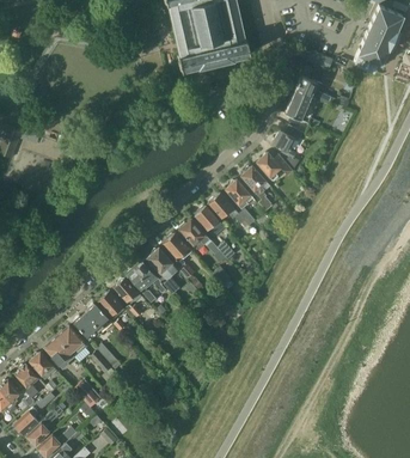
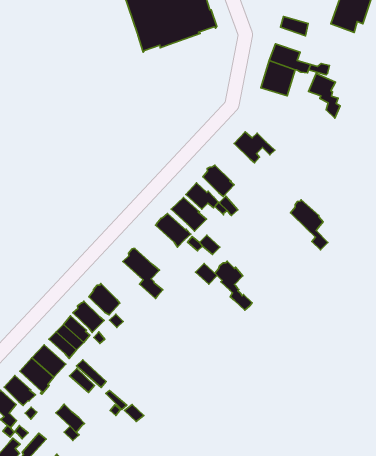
building: [271,129,299,171] -> [308,73,340,118]
building: [241,165,273,212] -> [291,200,328,250]
building: [164,233,195,279] -> [215,261,252,310]
building: [128,261,166,303] -> none

